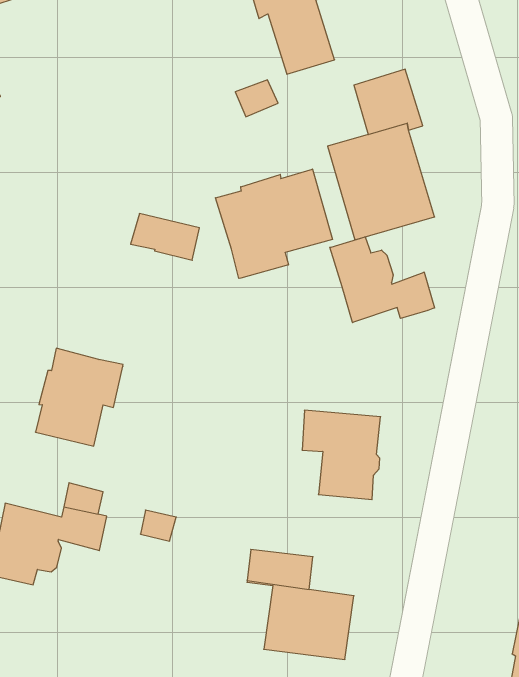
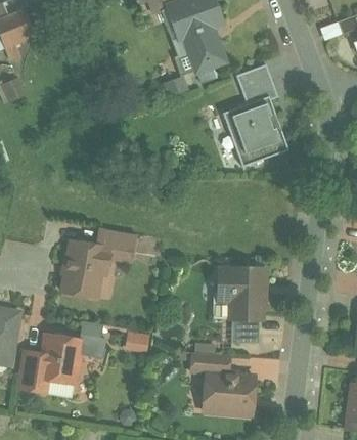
building: [215,169,333,278] -> none
building: [131,214,199,260] -> [96,228,136,254]
building: [330,237,435,323] -> none
building: none -> [231,318,260,344]

